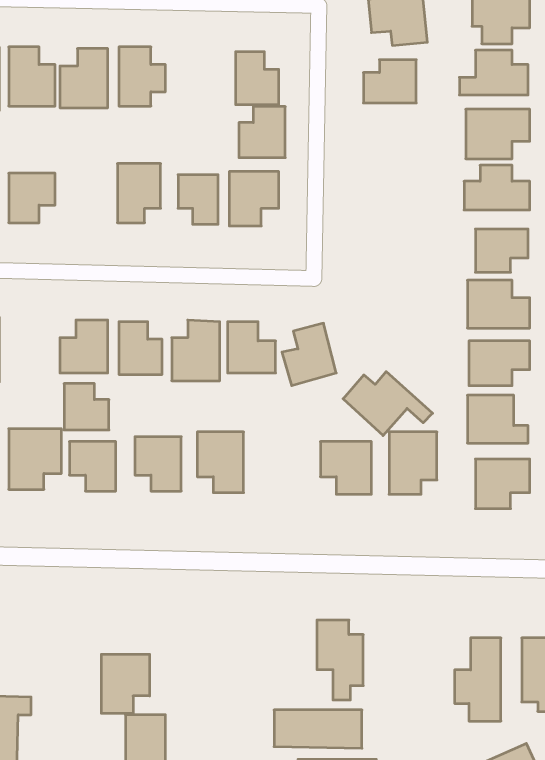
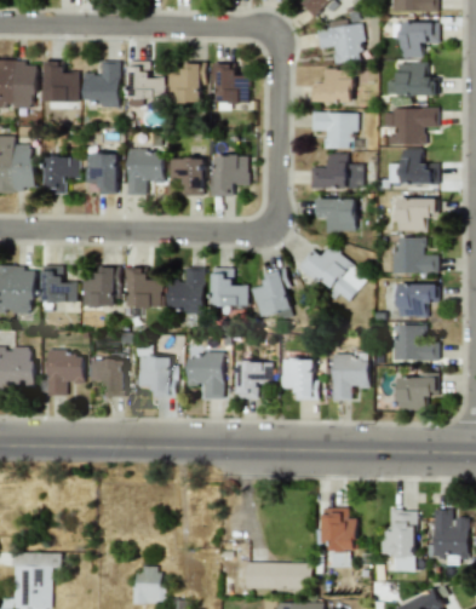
building: [239,107,285,158] -> [168,64,203,103]
building: none -> [311,111,357,144]
building: none -> [85,153,117,194]
building: none -> [309,155,362,189]
building: none -> [315,199,355,232]
building: [343,372,433,436] -> [298,246,366,294]
building: [64,384,109,430] -> [42,268,76,303]
building: none -> [235,362,271,398]
building: [317,620,363,700] -> [322,507,357,568]
building: [101,654,150,713] -> none

